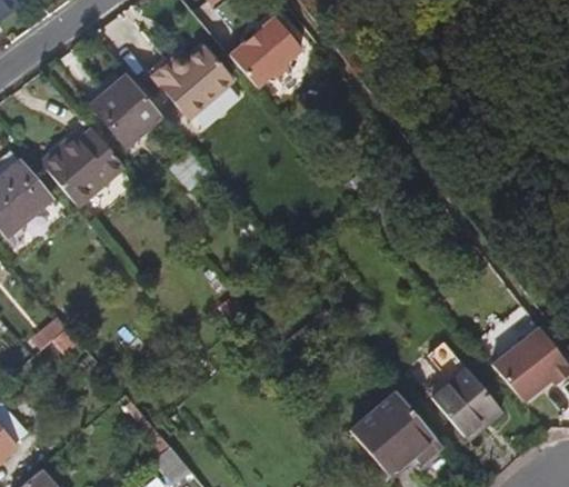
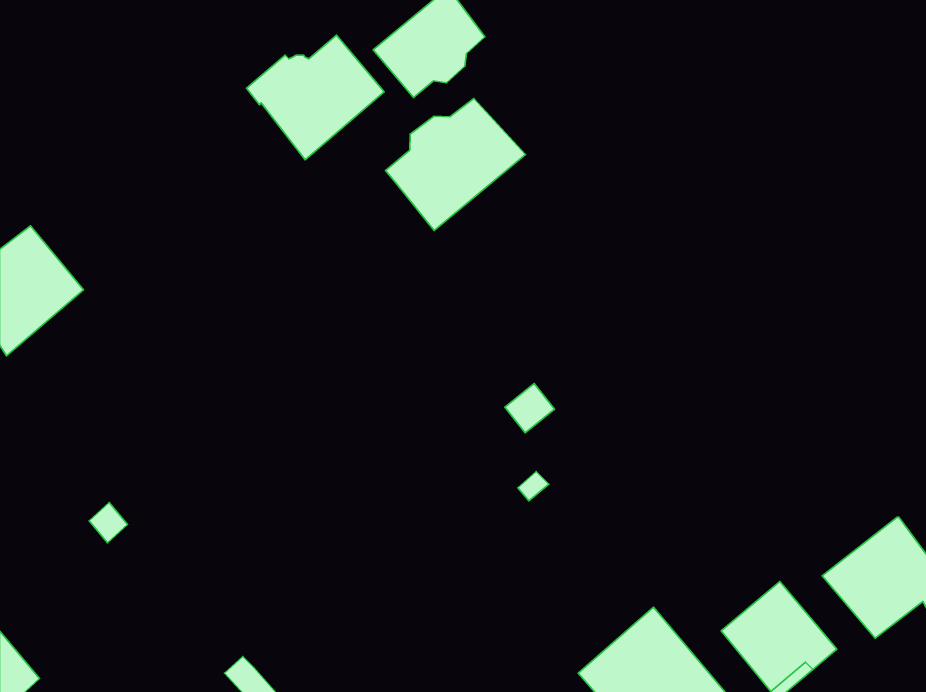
building: [91,73,162,146] -> none
building: none -> [385,99,525,230]
building: [32,120,116,198] -> none

